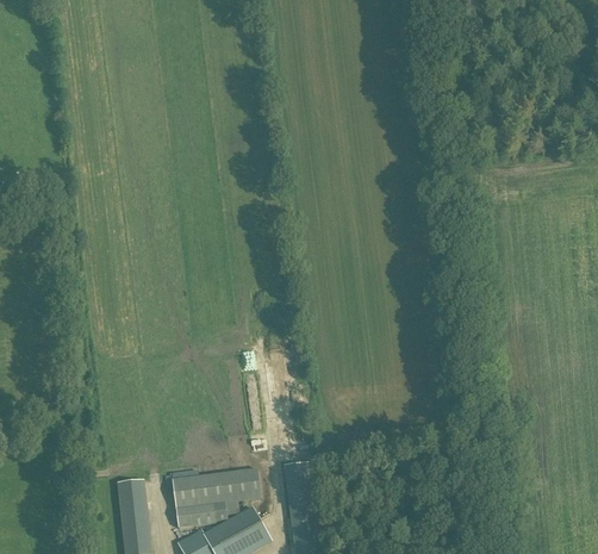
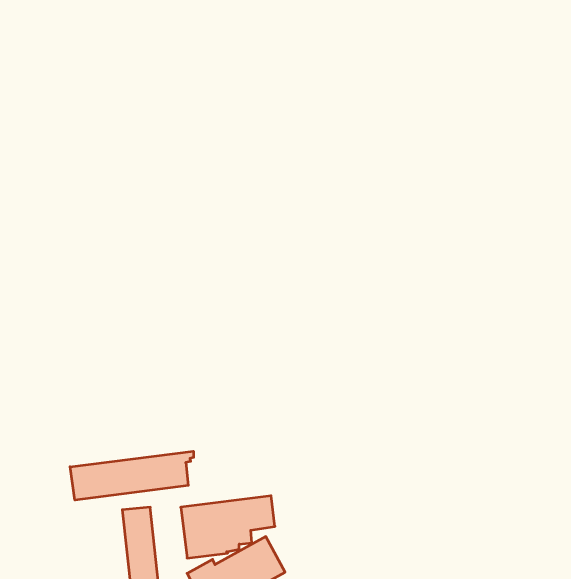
building: none -> [70,451,194,500]

